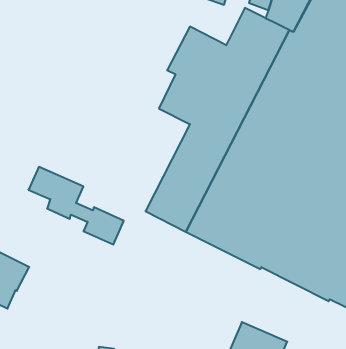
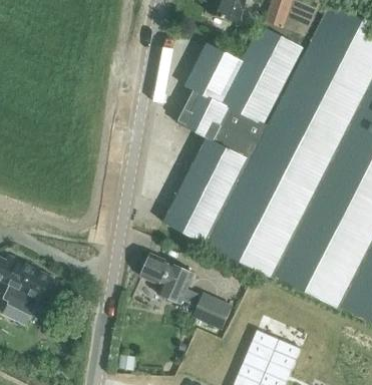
building: [28,167,124,245] -> [139,254,232,329]

